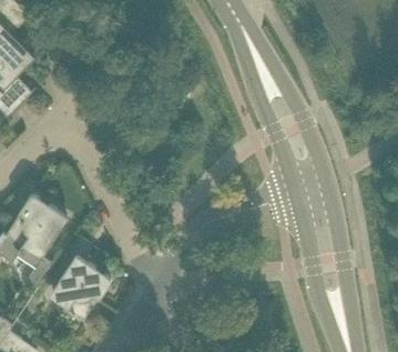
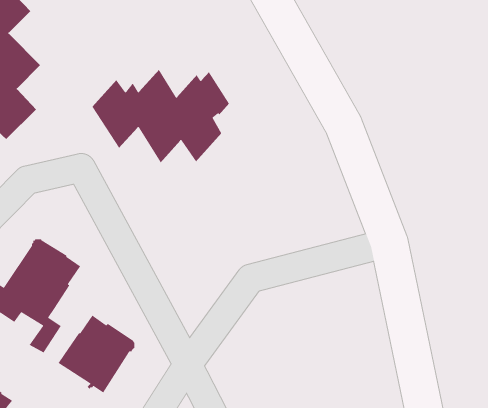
building: none -> [91,69,230,163]

